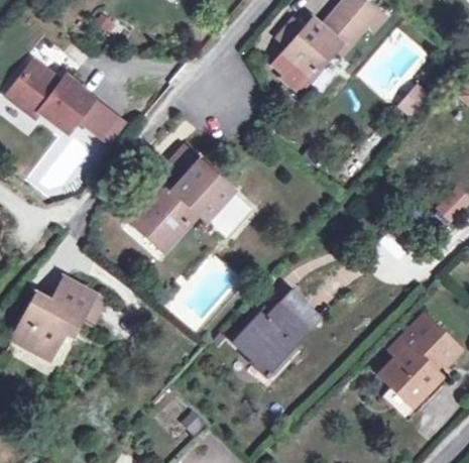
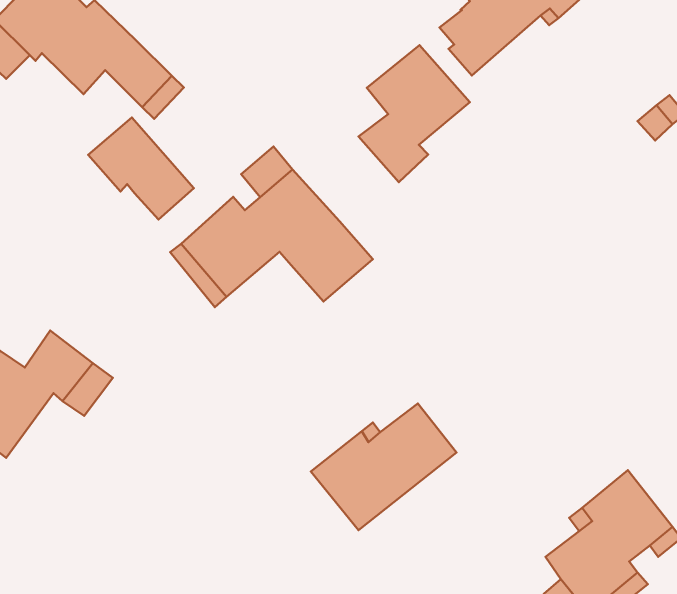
building: none -> [359,45,470,182]
building: none -> [88,118,194,220]

